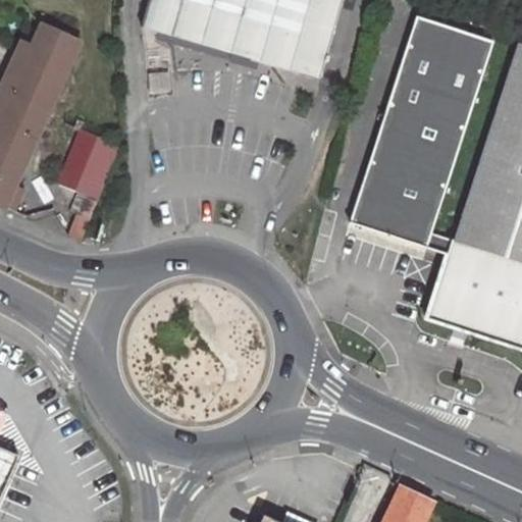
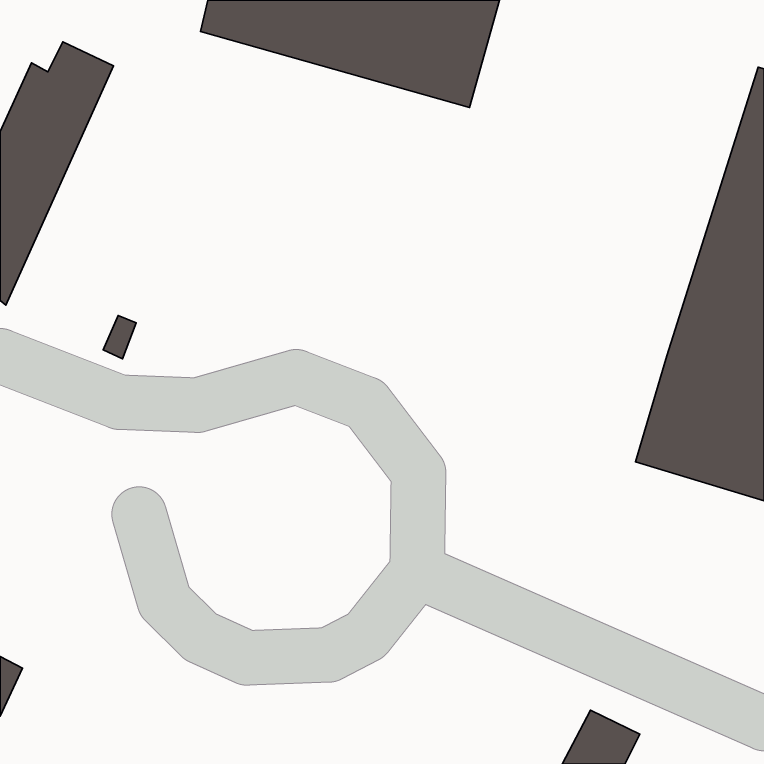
building: [352,16,494,248] -> none
building: [52,129,116,202] -> none

